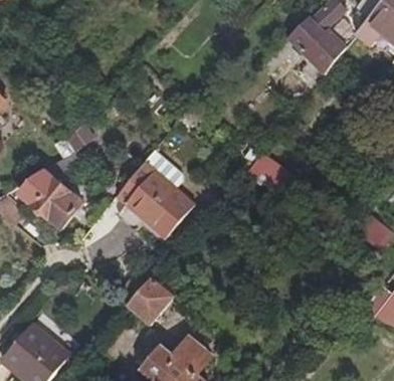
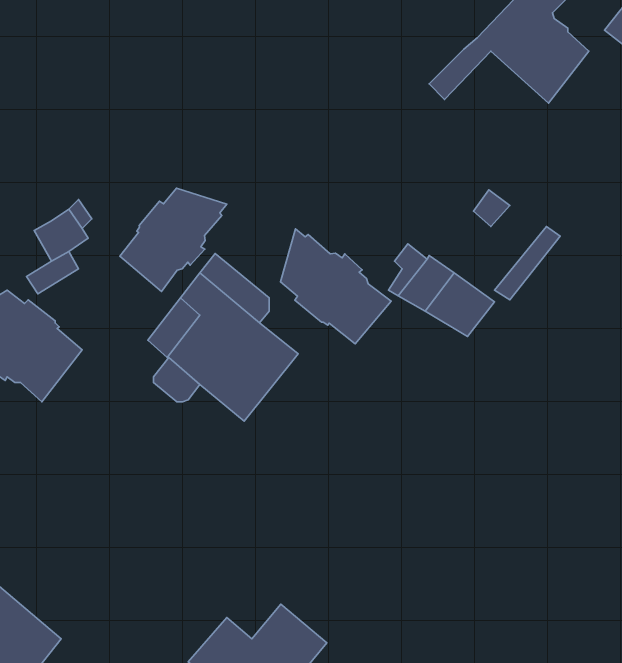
building: none -> [120,188,227,291]
building: none -> [280,229,391,344]
building: [127,276,173,325] -> none

